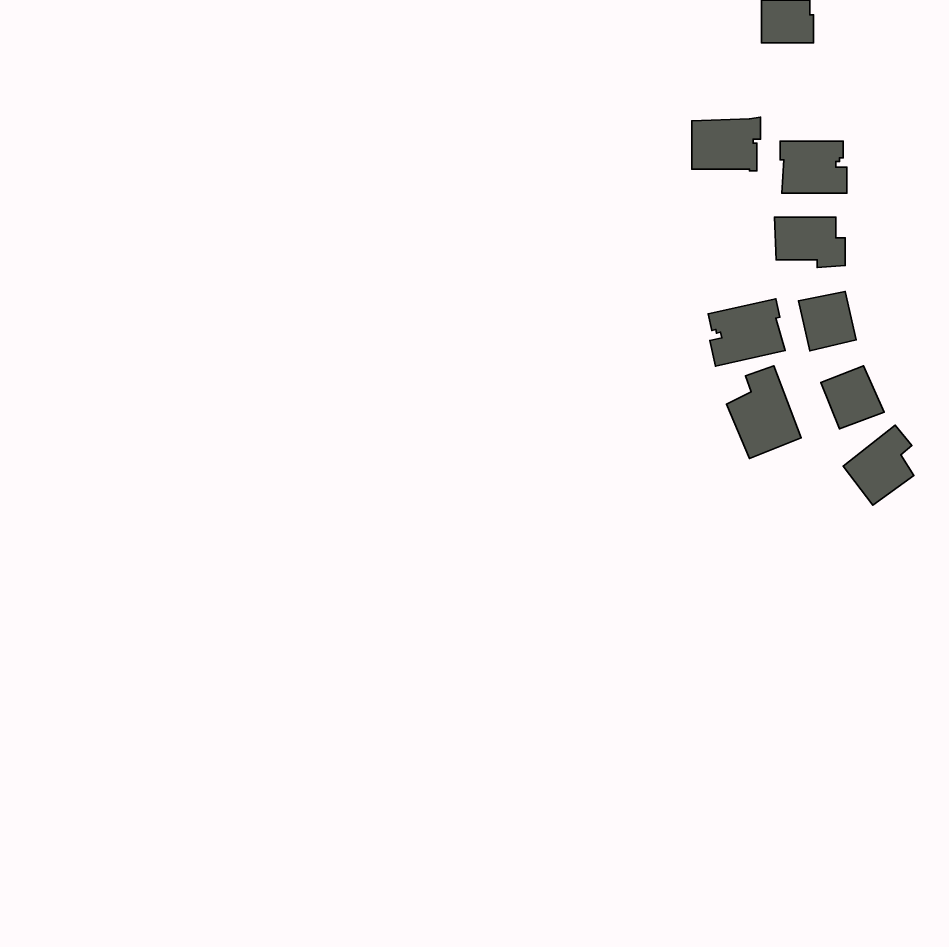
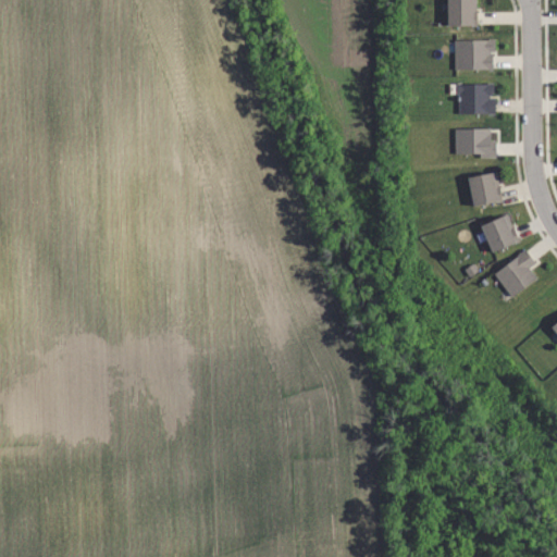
building: [692,117,761,171] -> [454,38,494,70]
building: [708,299,785,366] -> none
building: [727,366,801,458] -> none

